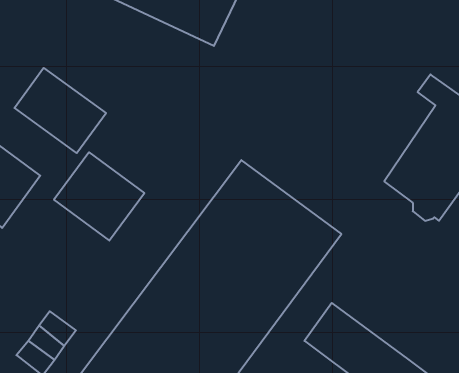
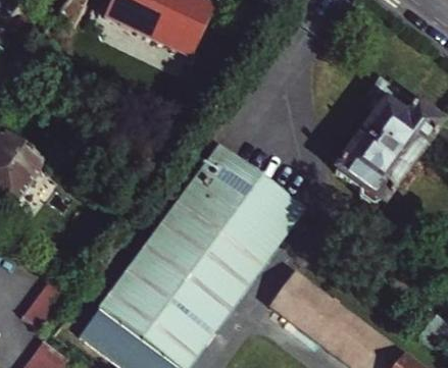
building: [14,68,106,153] -> none
building: [54,152,144,241] -> none

